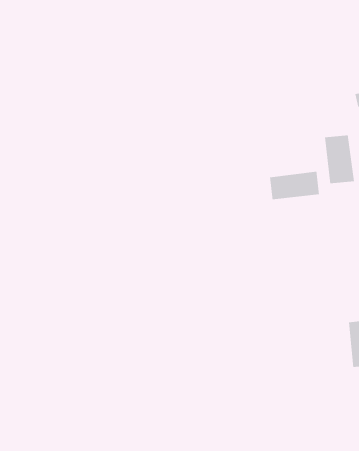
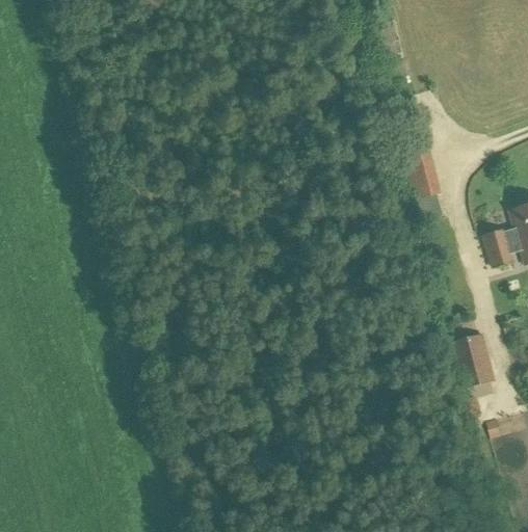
building: [270,171,320,200] -> none

